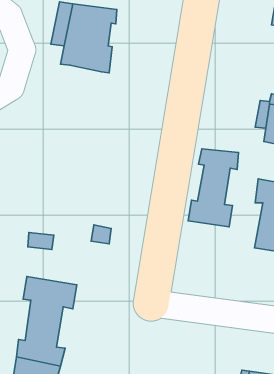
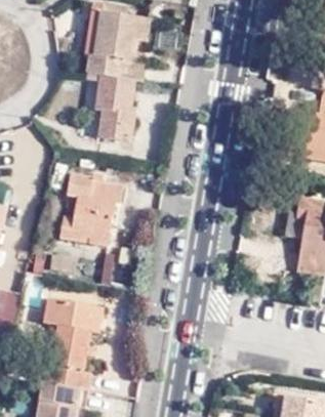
building: none -> [91,73,131,148]
building: [188,149,238,227] -> none
building: none -> [62,177,123,246]

